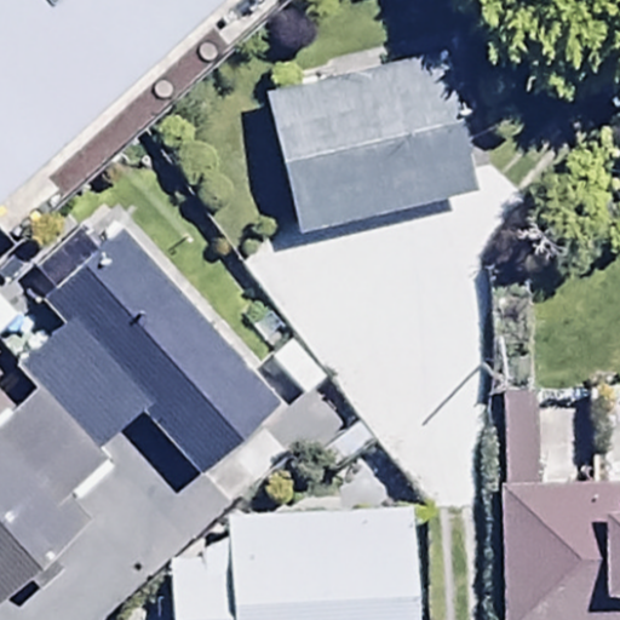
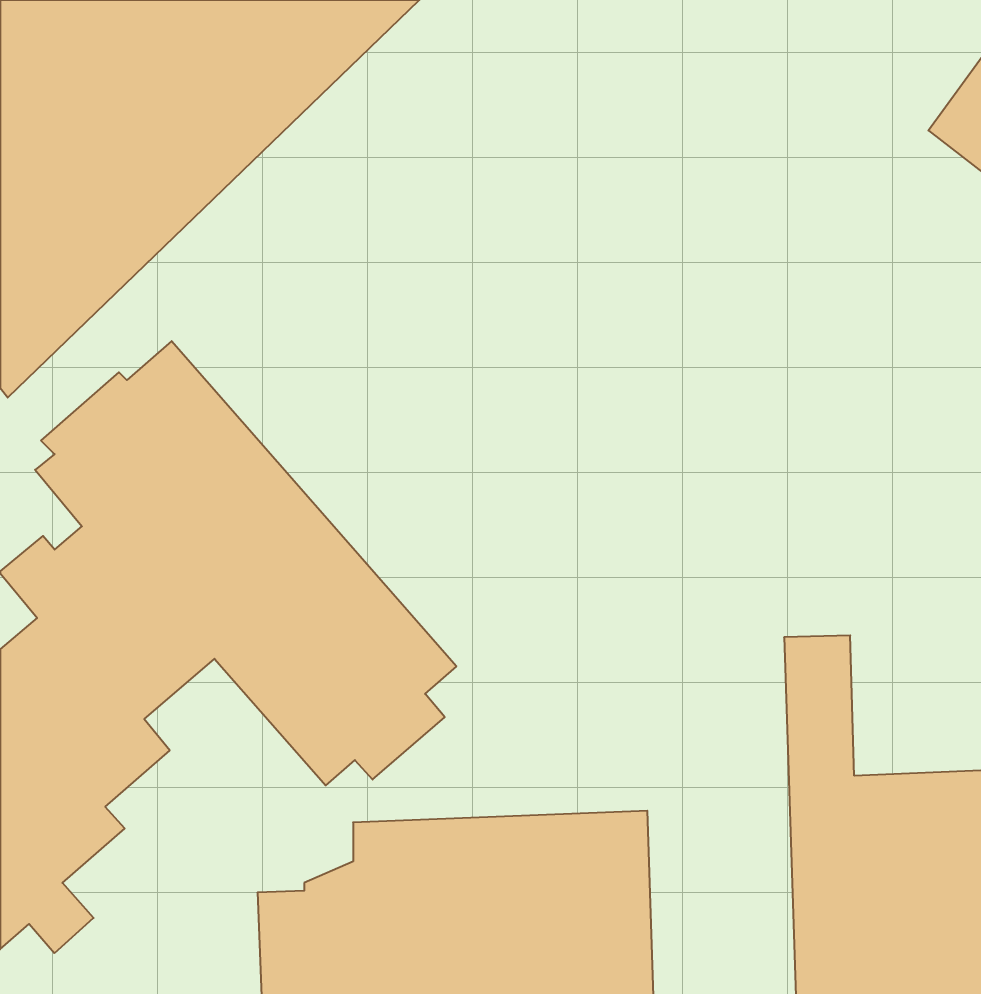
building: [268,48,477,232] -> none

